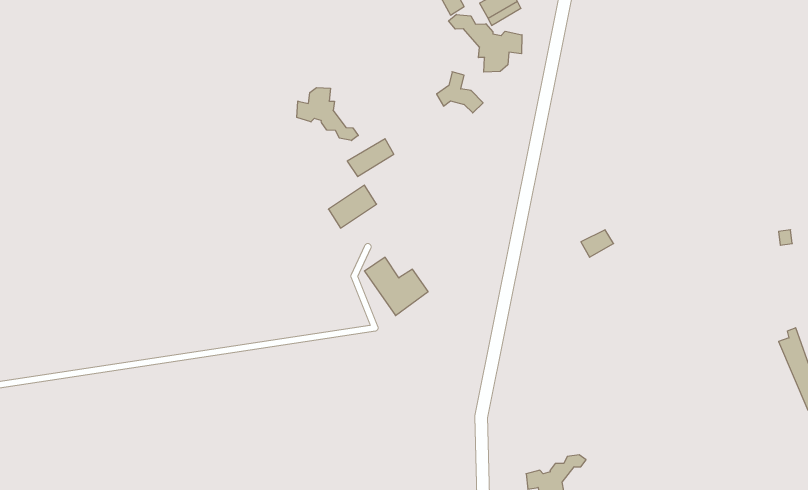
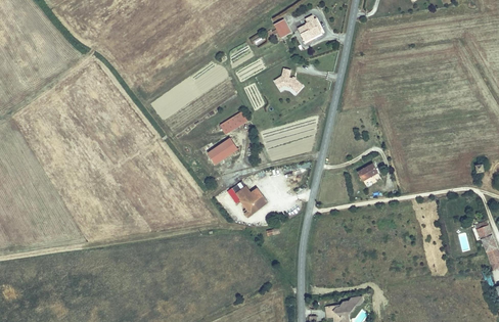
building: [449,14,522,72] -> none
building: [297,88,358,141] -> none

